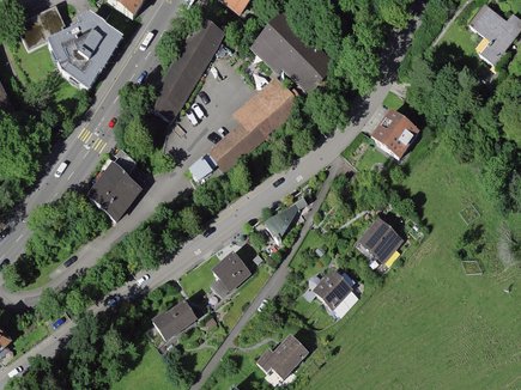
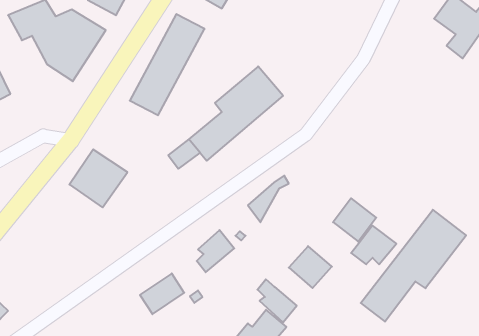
building: [248,17,334,95] -> none
building: [374,105,422,156] -> none
building: none -> [361,210,466,322]
building: none -> [351,226,396,264]
building: none -> [257,279,297,322]

